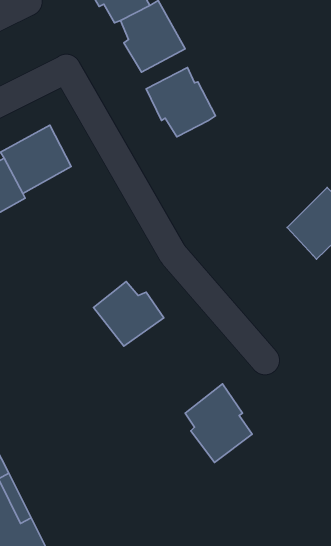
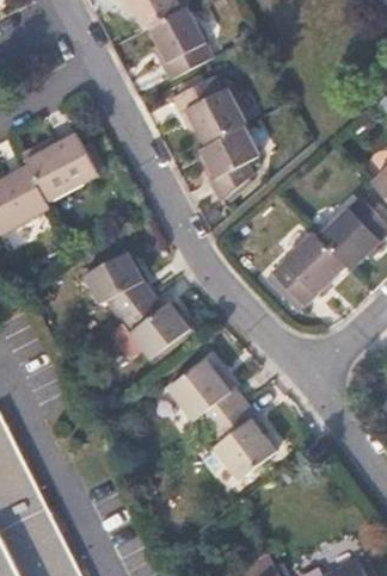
building: none -> [192,129,260,192]
building: none -> [269,231,344,308]
building: none -> [84,250,154,318]
building: none -> [173,353,252,426]

